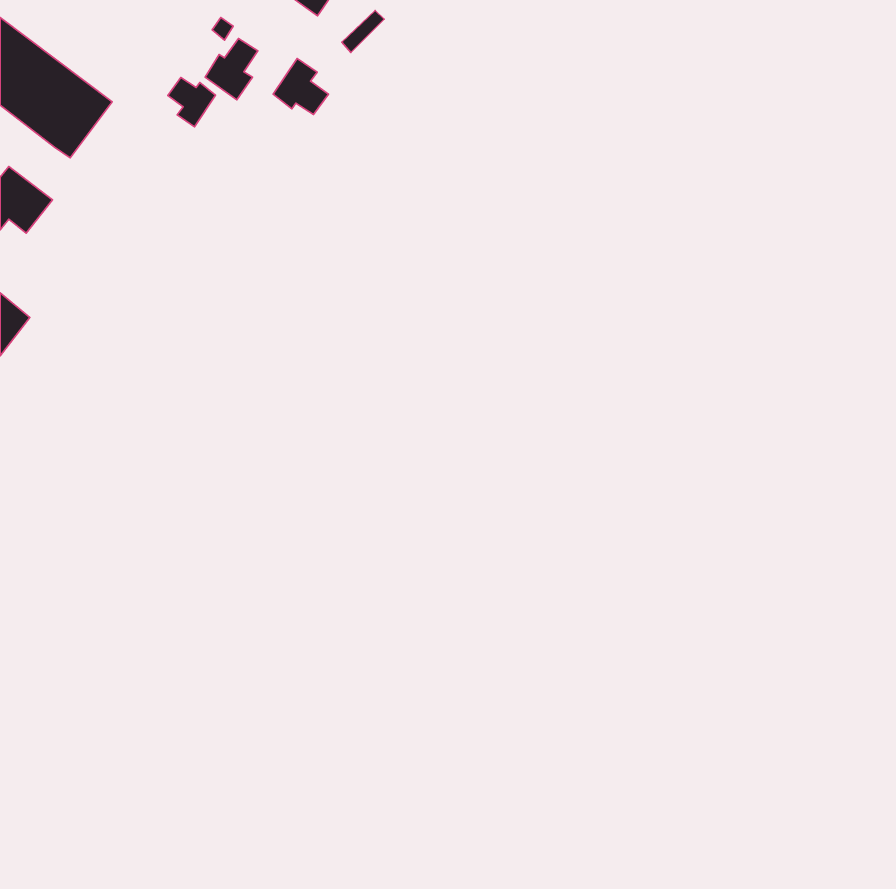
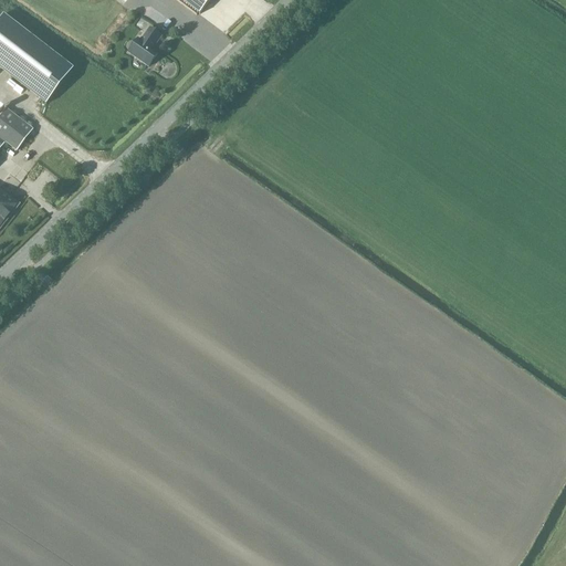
building: [273,58,328,115] -> none
building: [168,78,216,127] -> none

